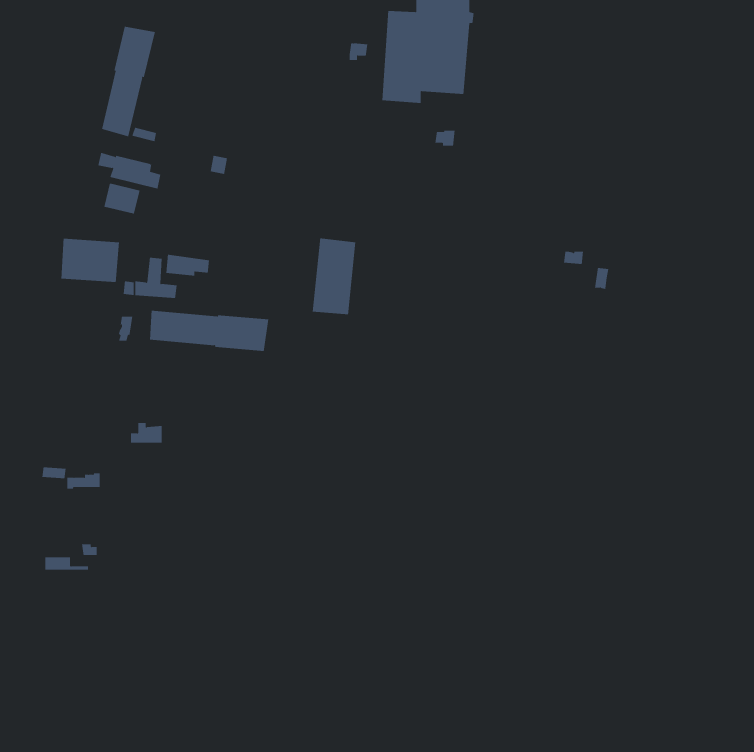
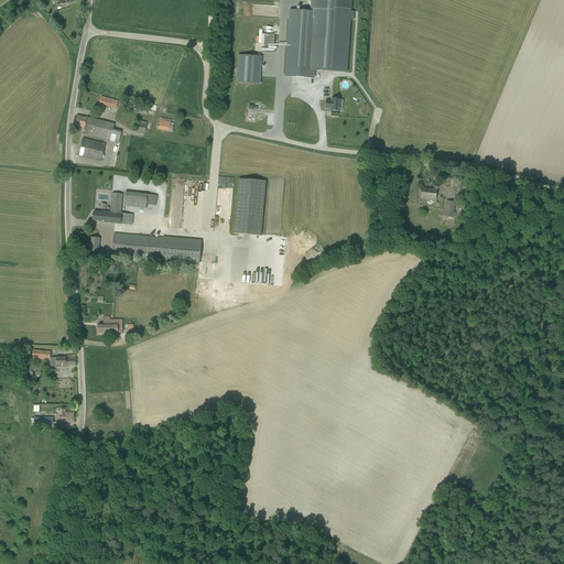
building: [101,26,155,137] -> none
building: none -> [235,53,261,83]
building: [61,238,120,283] -> none

